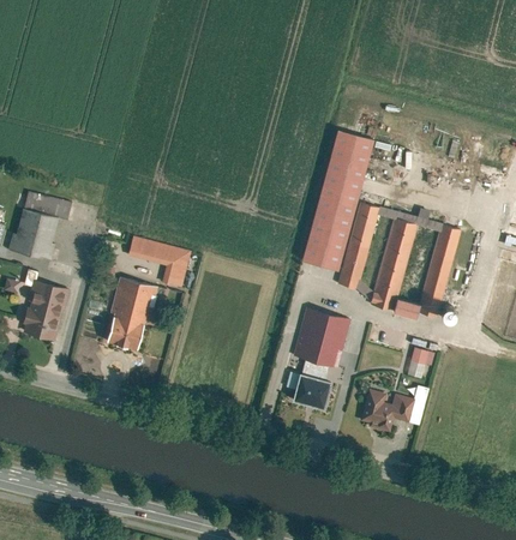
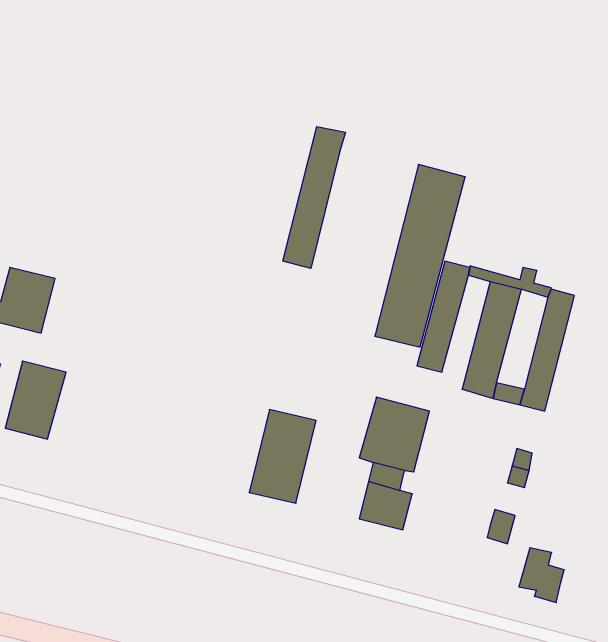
building: none -> [283,127,345,268]
building: [24,192,70,220] -> none
building: [128,236,190,288] -> none
building: [104,278,156,350] -> [249,410,316,503]
building: [359,390,394,432] -> [519,548,564,603]

